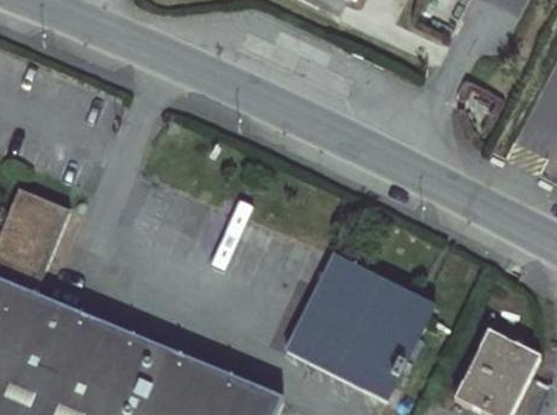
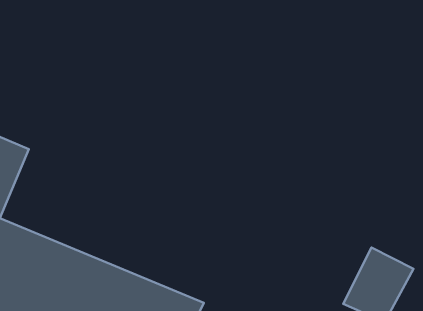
building: [286,254,434,401] -> none

